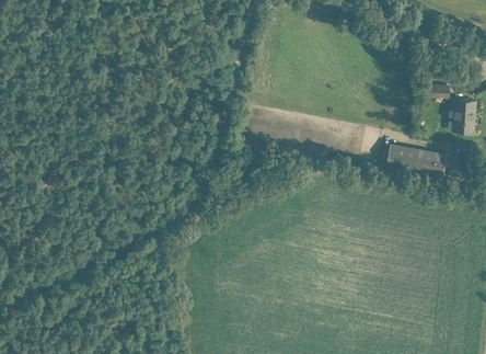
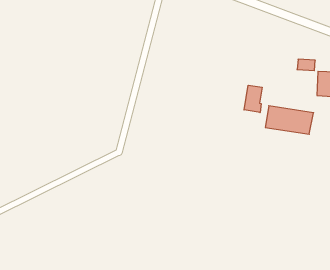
building: none -> [244,85,262,113]

